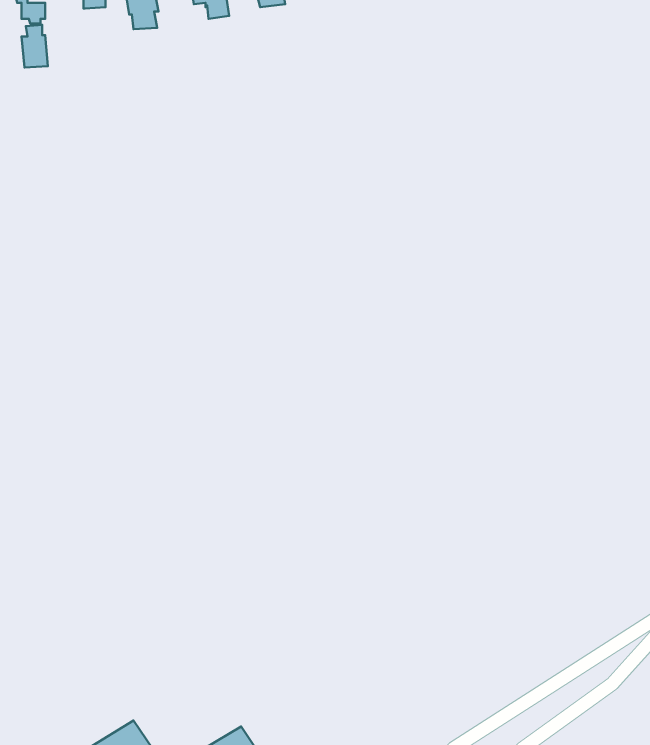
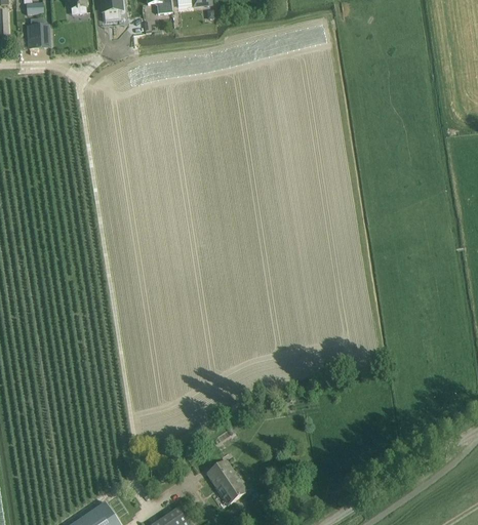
building: none -> [206,468,237,502]

